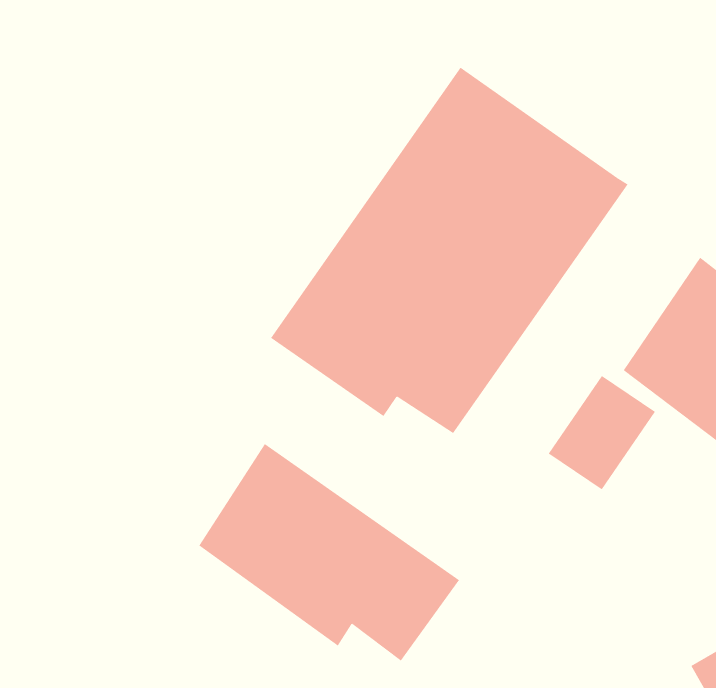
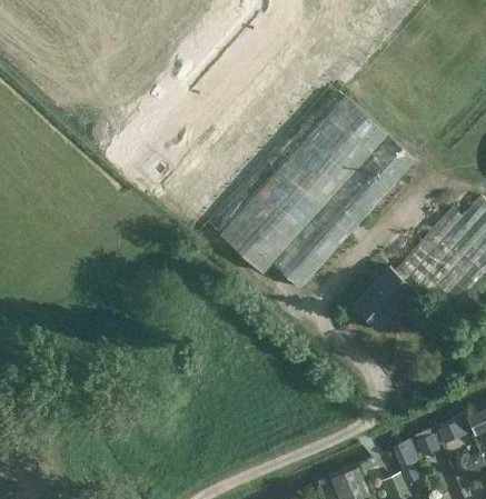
building: [199,443,460,661] -> none

